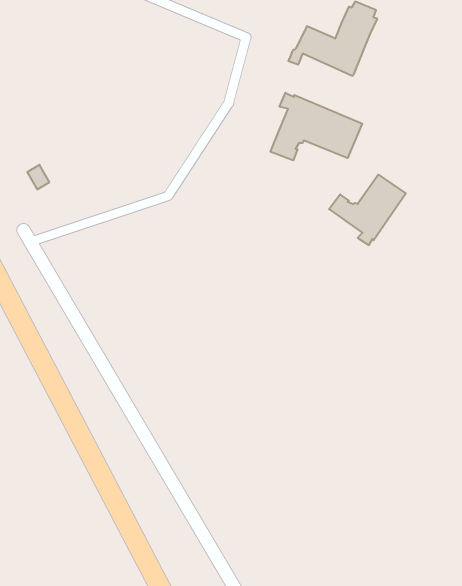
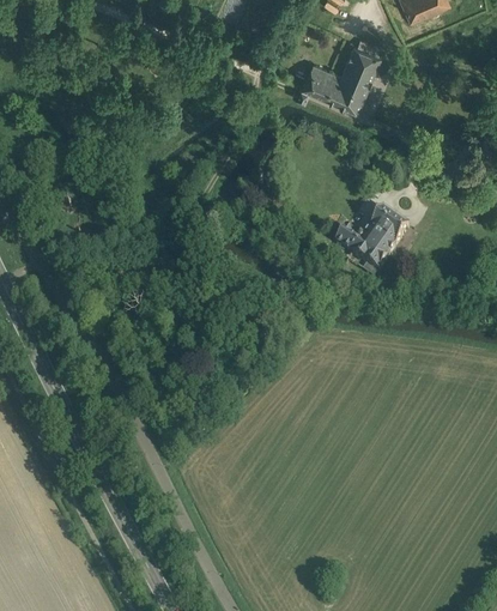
building: [271,93,362,160] -> none

